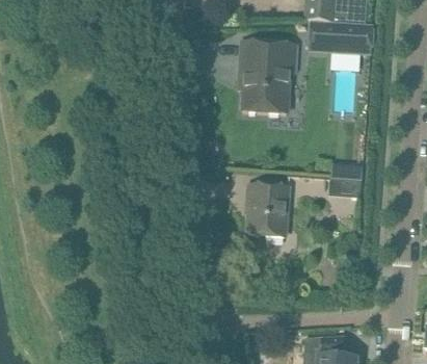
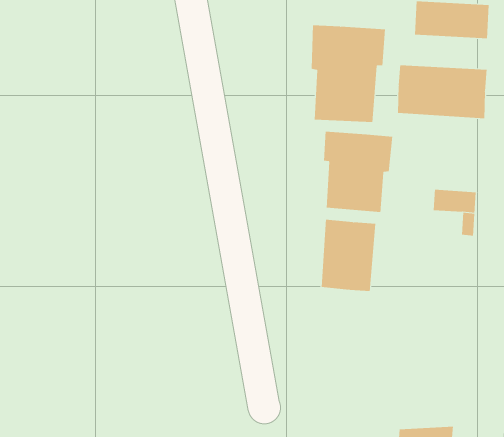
building: none -> [397,65,487,119]
building: none -> [324,131,393,213]

